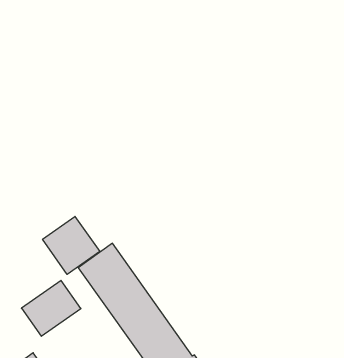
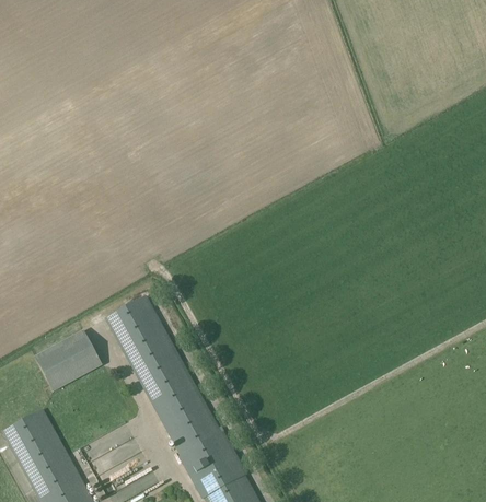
building: [43,216,100,274] -> none

